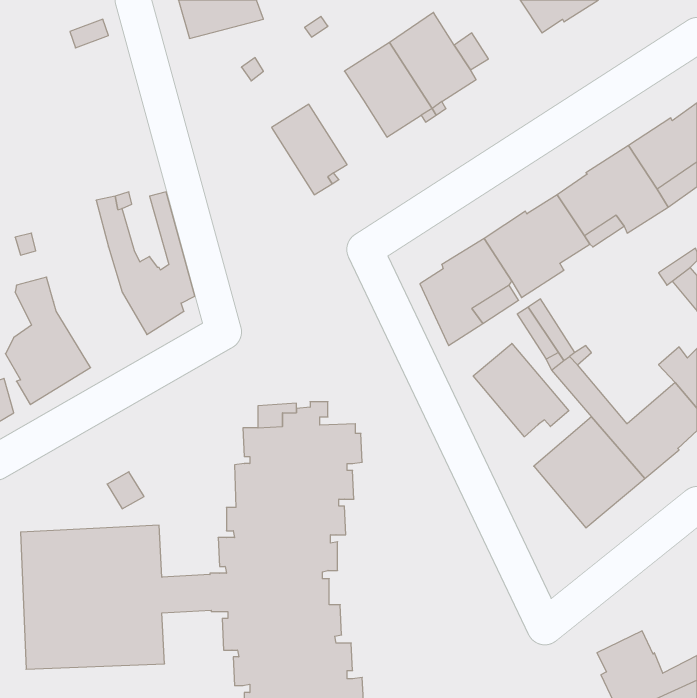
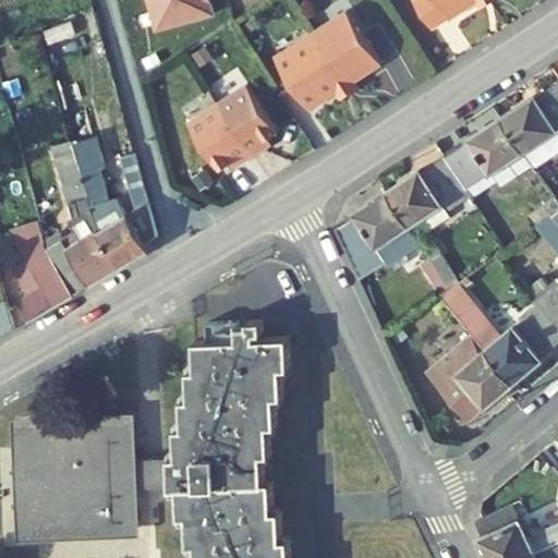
building: none -> [186,104,250,170]
building: none -> [43,141,117,294]
building: [473,343,569,437] -> none

